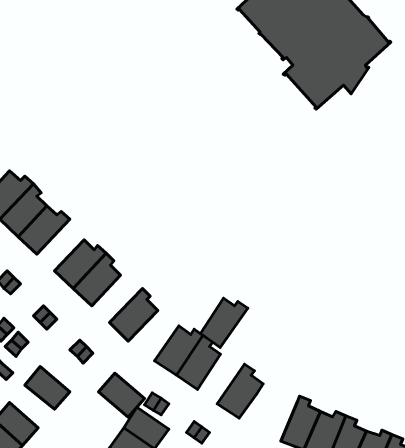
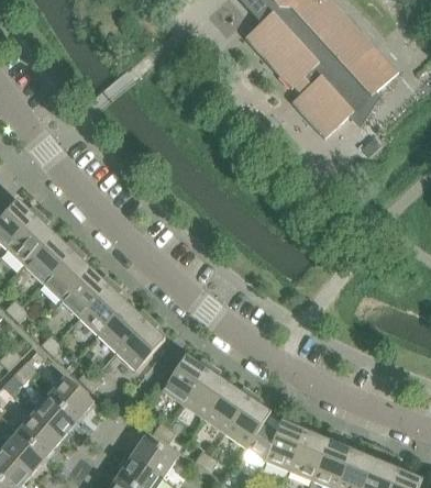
building: none -> [43,248,90,300]
building: none -> [98,304,148,352]
building: [201,298,248,348] -> [203,384,251,433]
building: [98,373,145,417] -> [46,377,92,421]
building: none -> [15,414,60,457]
building: none -> [245,421,306,470]

